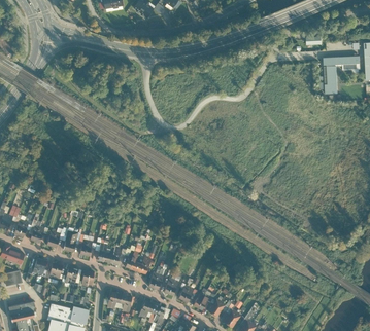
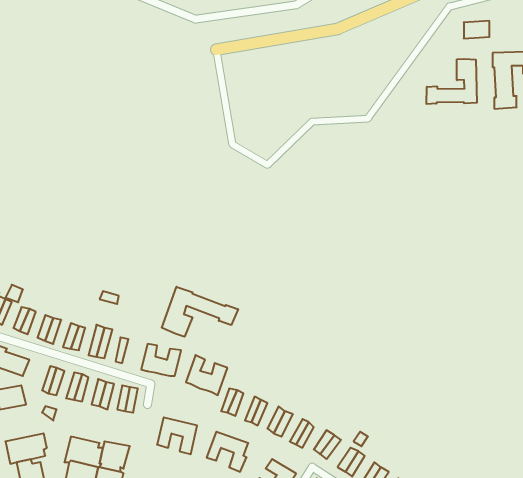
building: none -> [427,59,477,104]
building: none -> [162,287,238,337]

